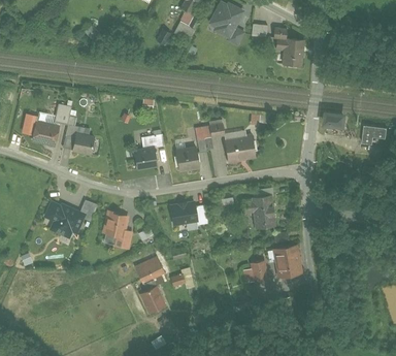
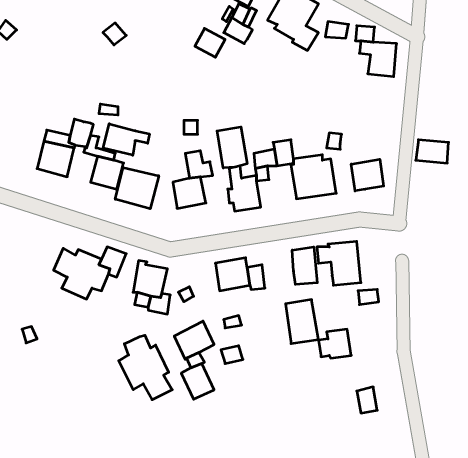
building: none -> [103,124,149,155]
building: none -> [217,127,247,168]
building: none -> [351,159,384,191]
building: none -> [115,168,159,209]
building: none -> [292,247,317,284]
building: [273,241,298,274] -> [286,300,318,344]
building: none -> [119,335,172,400]

